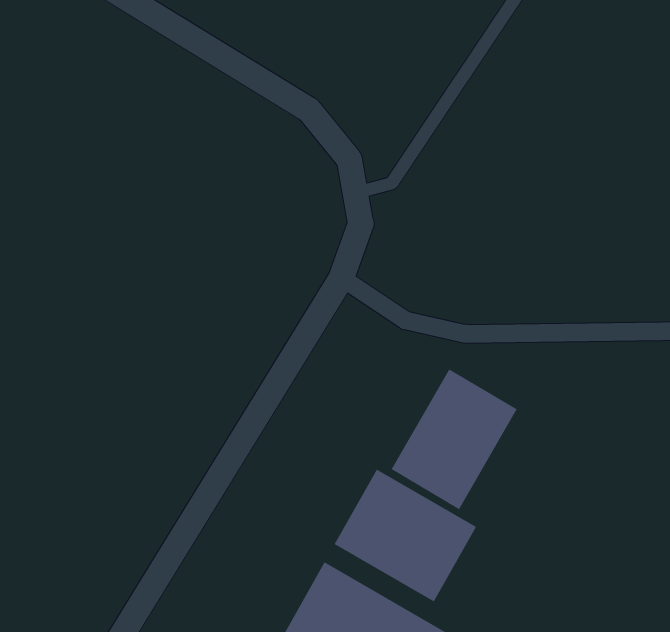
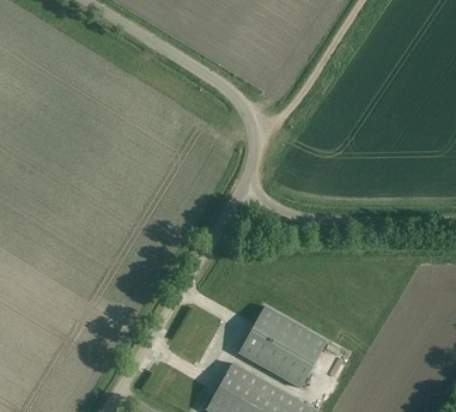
building: [391,368,518,510] -> none

